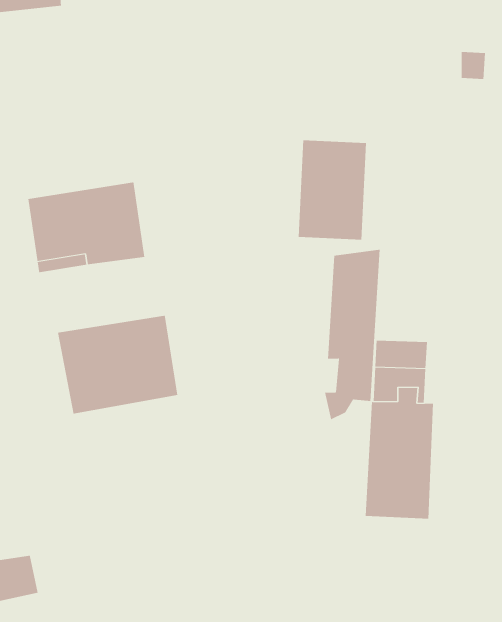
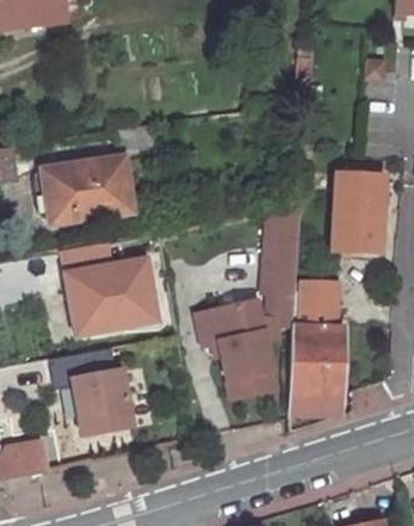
building: [298,140,367,240] -> [333,175,385,252]
building: none -> [209,298,279,397]
building: none -> [73,367,134,433]

